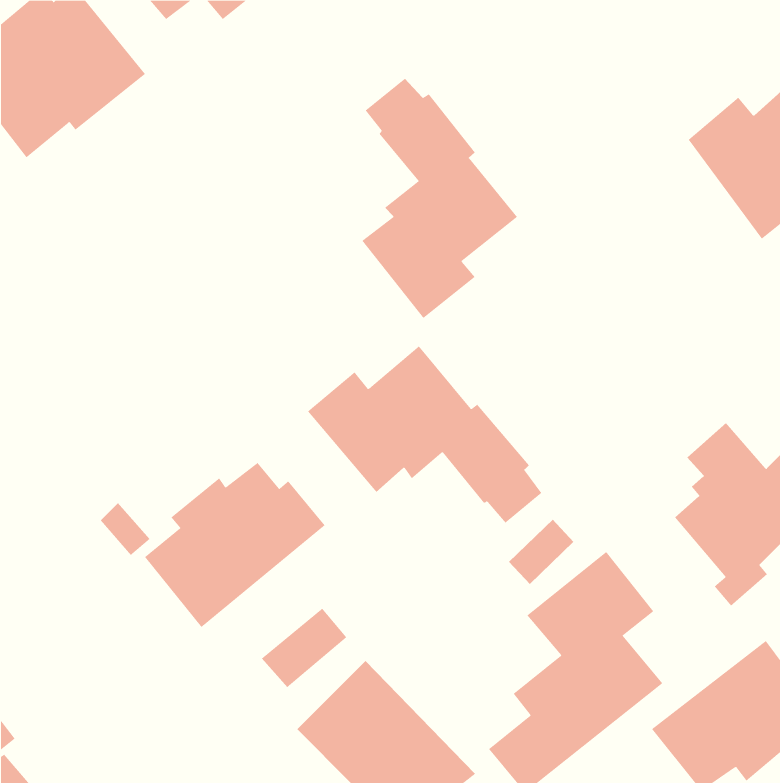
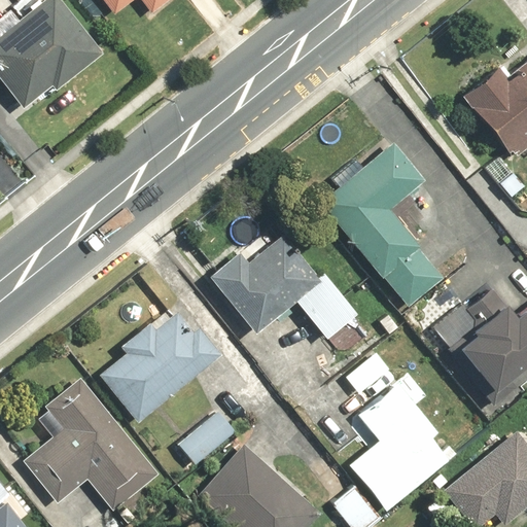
building: [361,78,518,319] -> none
building: none -> [321,141,442,308]
building: none -> [24,377,161,512]

